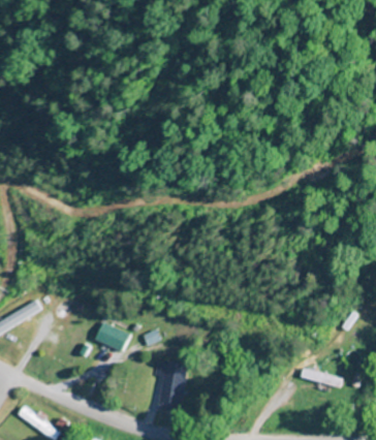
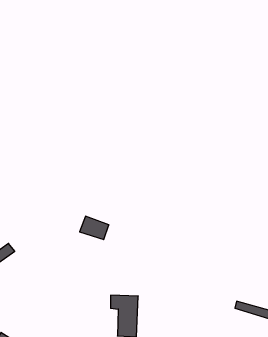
building: [94,323,129,351] -> [80,216,109,240]

